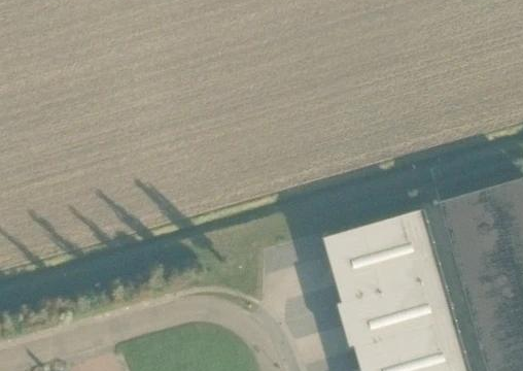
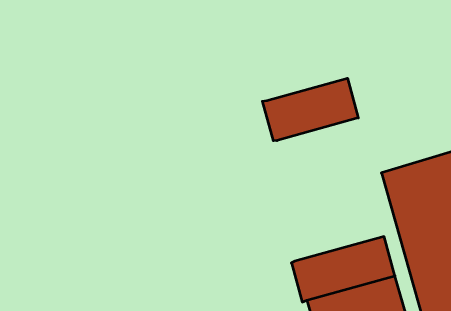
building: none -> [262,78,358,141]
building: [324,211,443,304] -> none

